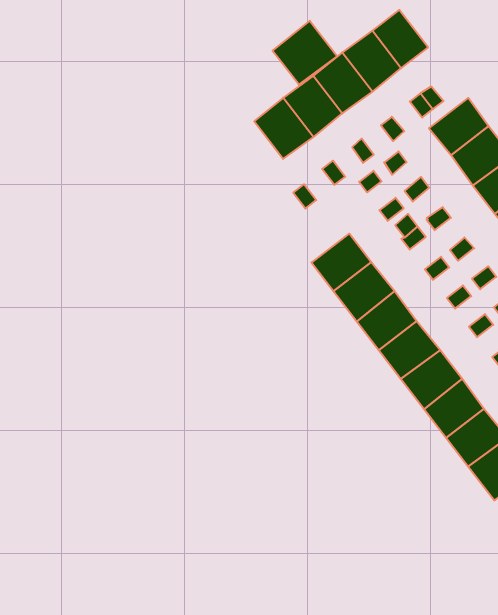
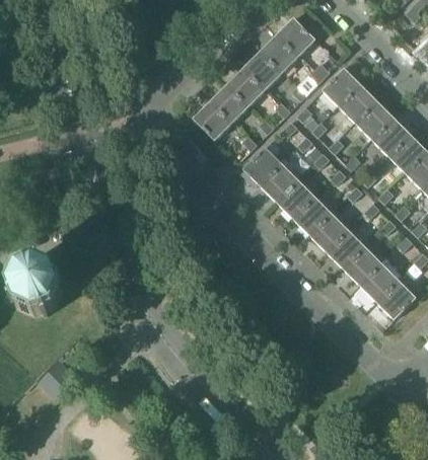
building: [273,21,337,85] -> none
building: none -> [194,100,233,140]
building: none -> [243,147,281,184]

